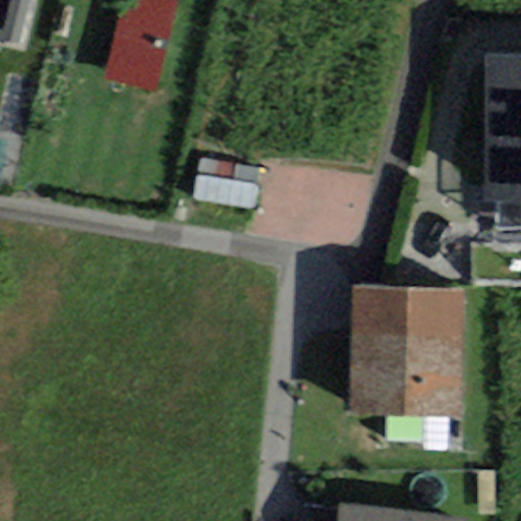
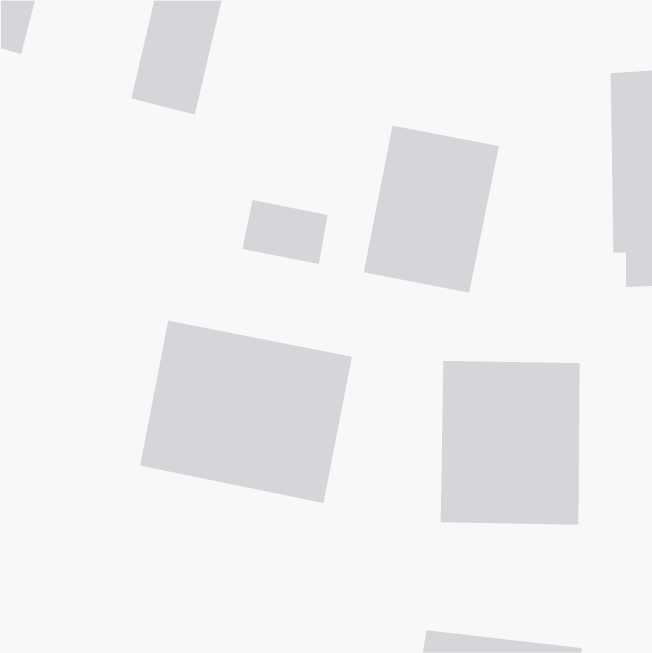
building: none -> [363,125,499,293]
building: none -> [140,320,352,504]

